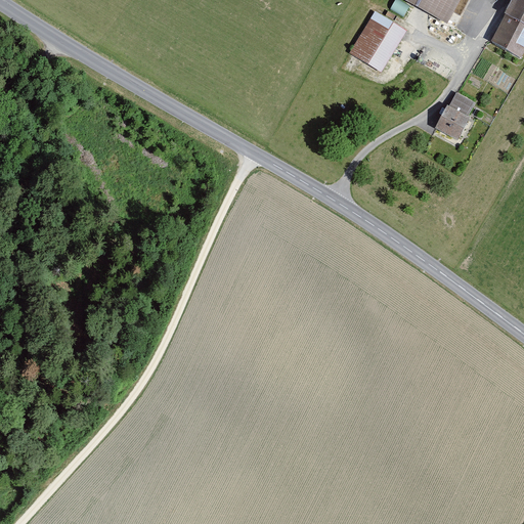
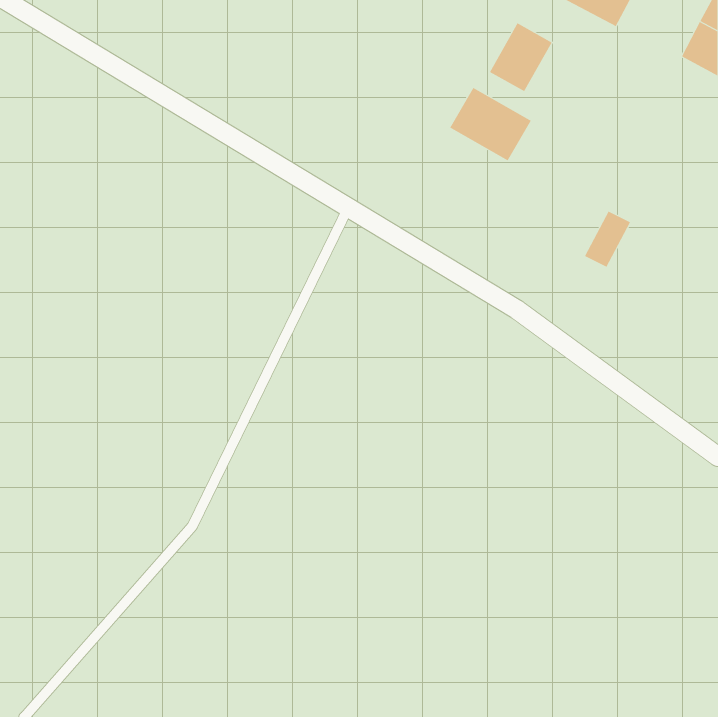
building: none -> [450,87,532,161]
building: [438,94,472,135] -> [584,211,631,268]

